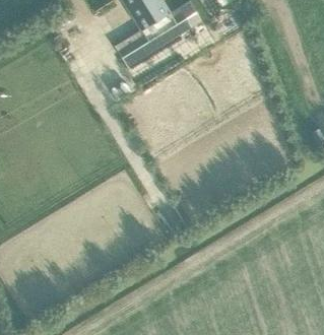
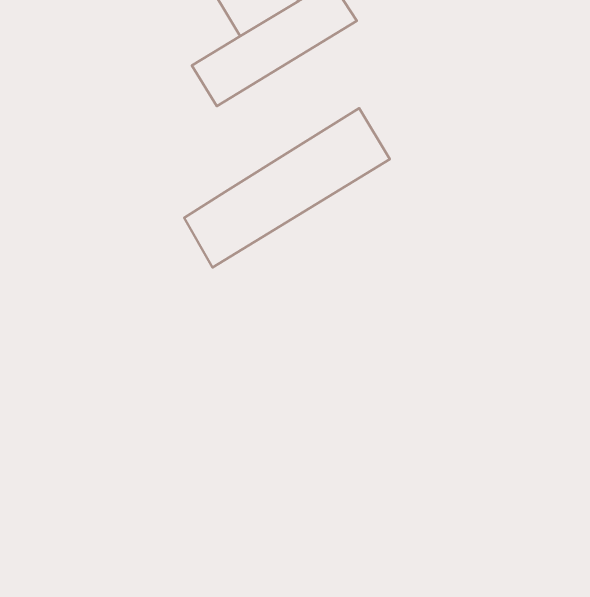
building: none -> [184,108,390,268]

